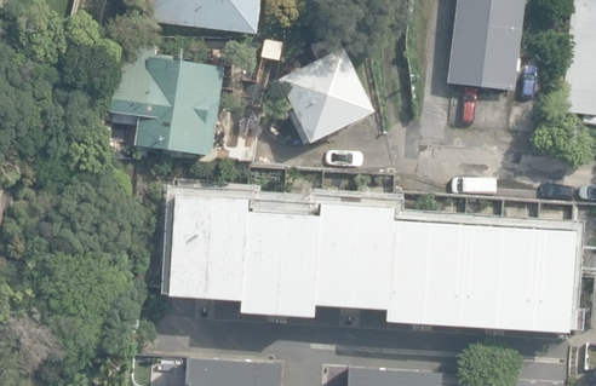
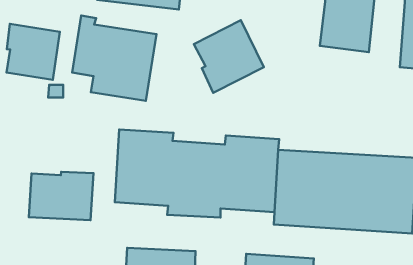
building: none -> [6,24,60,80]
building: none -> [29,172,93,220]

